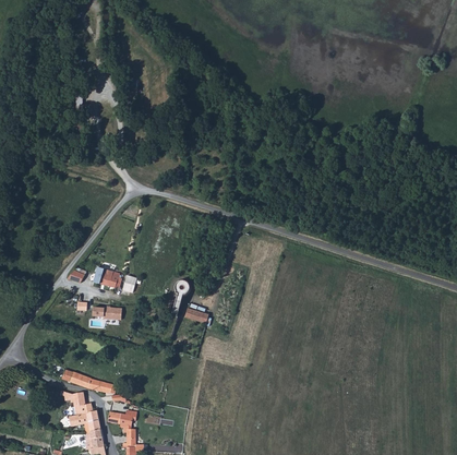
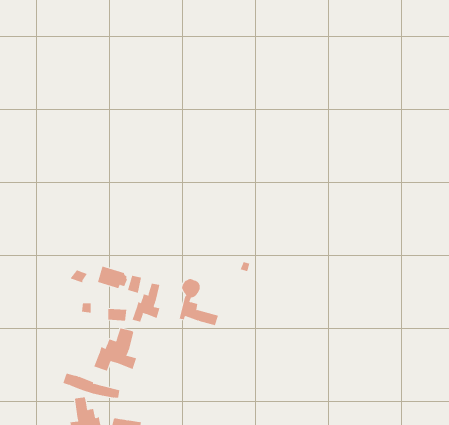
building: none -> [132,283,160,323]
building: none -> [94,327,137,371]

